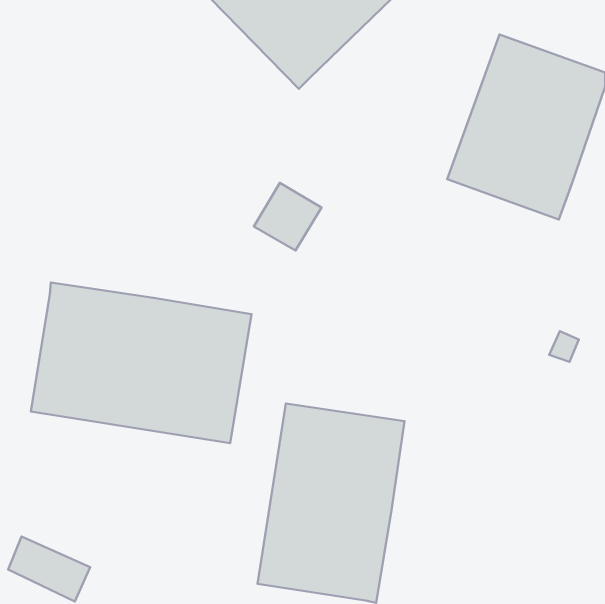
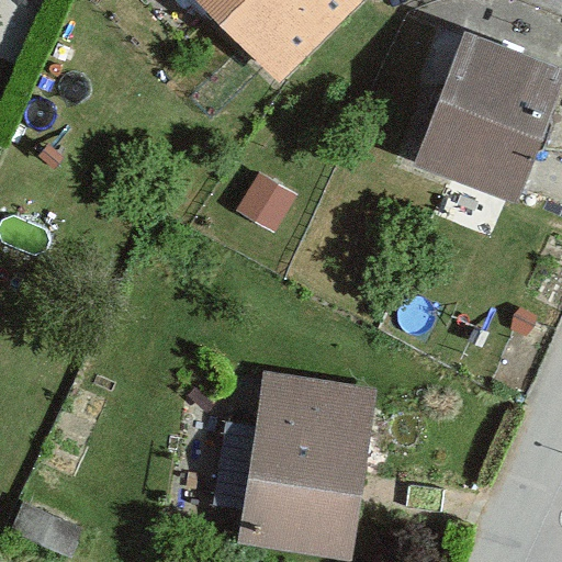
building: [31,282,251,443] -> none

